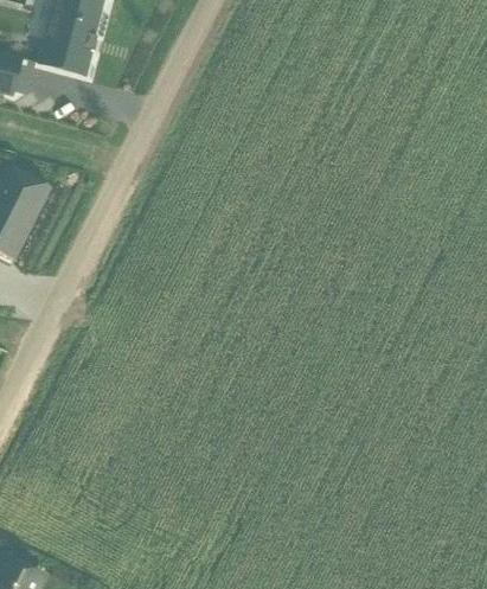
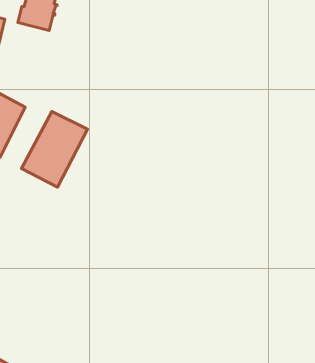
building: none -> [22,111,87,187]

